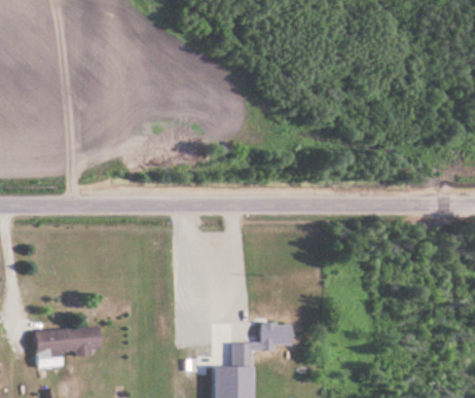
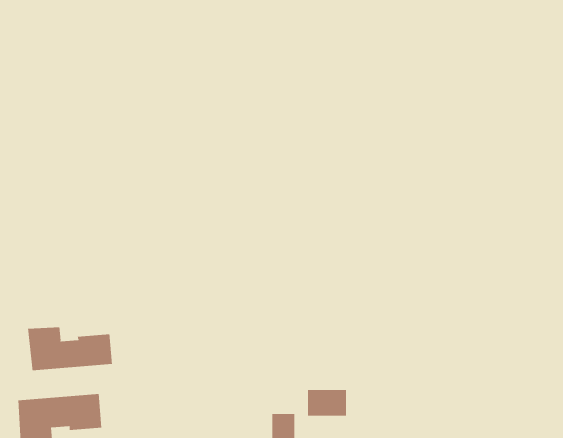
building: none -> [27,327,112,371]

